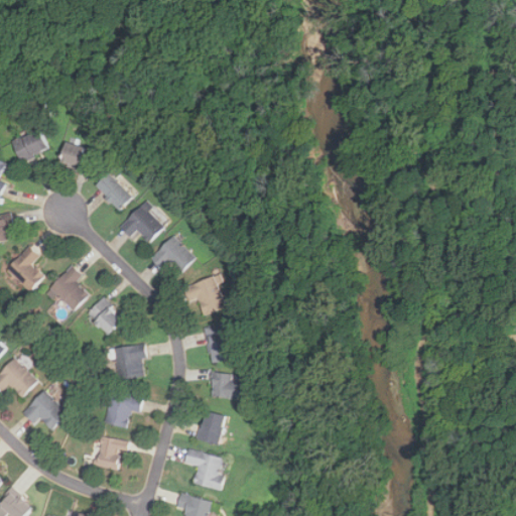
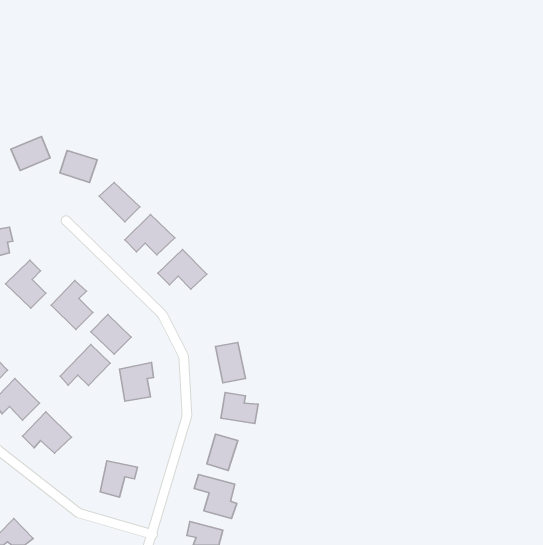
building: [182,273,225,315] -> none
building: none -> [60,345,110,386]
building: [104,390,141,427] -> none

